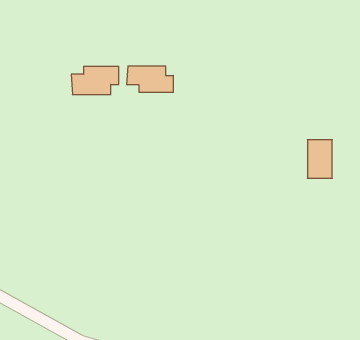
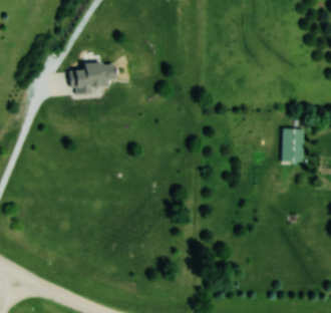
building: [127,66,173,92] -> none

